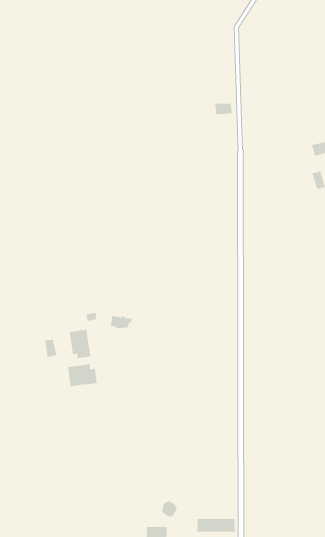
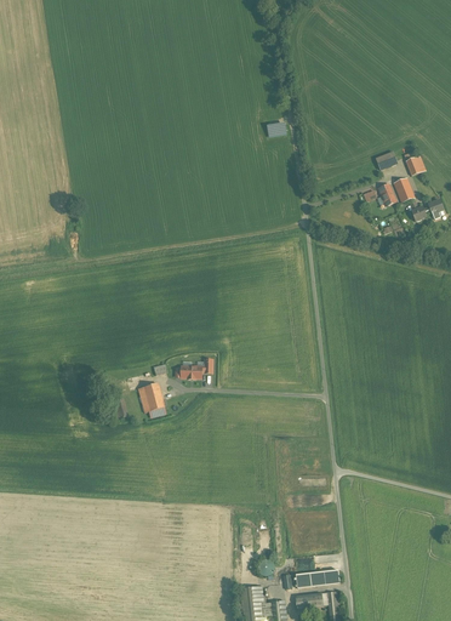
building: [67,364,97,387] -> none

